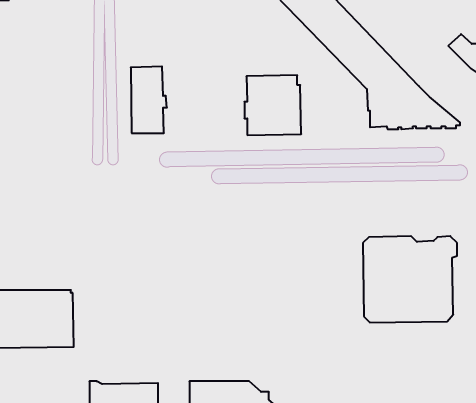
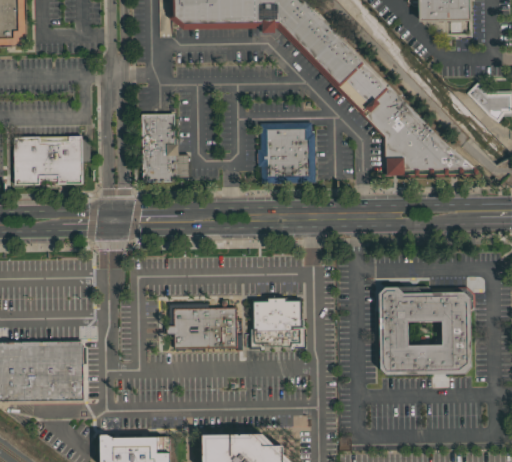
building: none -> [13,136,83,186]
building: none -> [249,298,306,349]
building: none -> [168,302,242,348]

